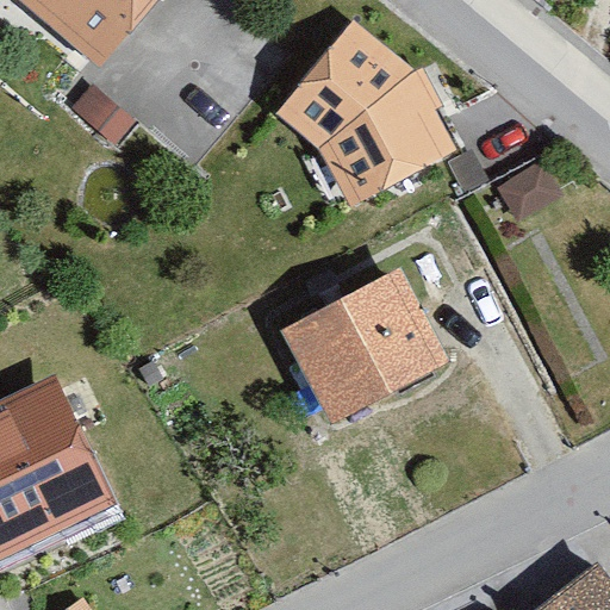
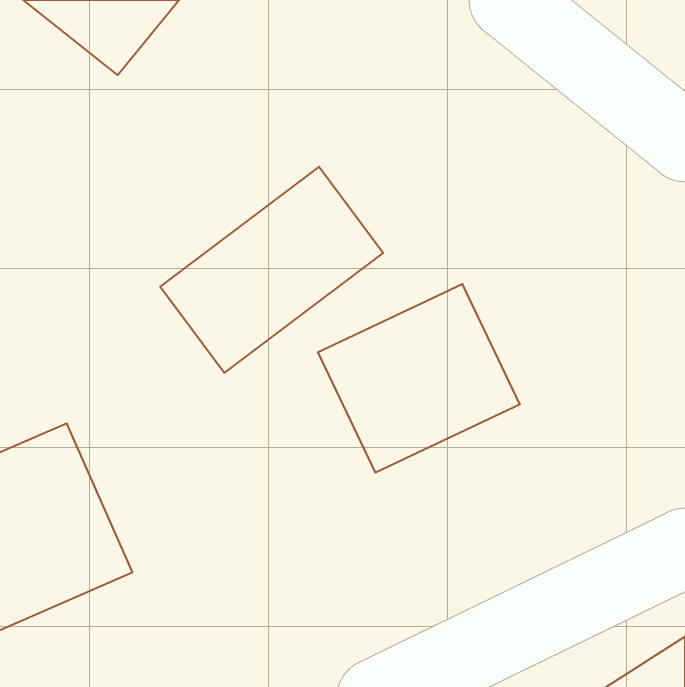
building: [280,35,434,200] -> none
building: none -> [160,167,383,373]

